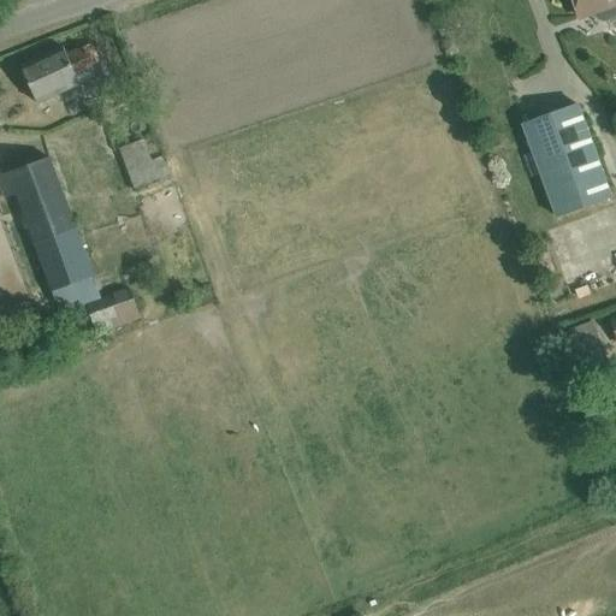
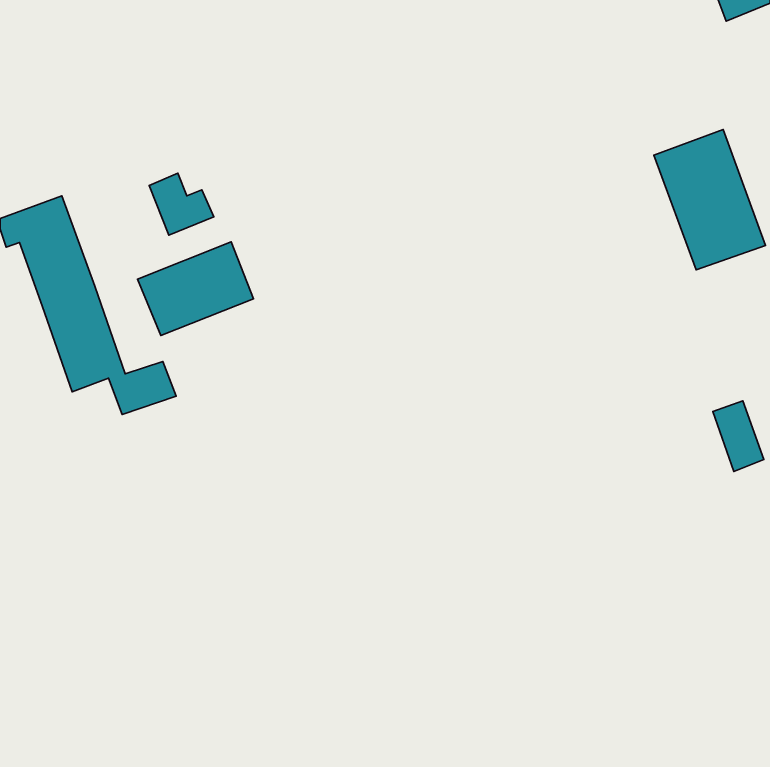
building: [22,43,99,101] -> none
building: none -> [138,242,253,335]

